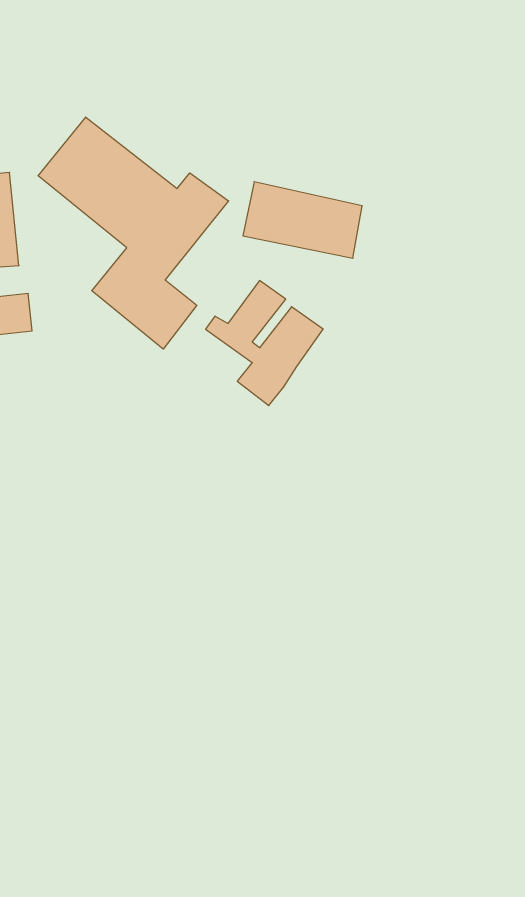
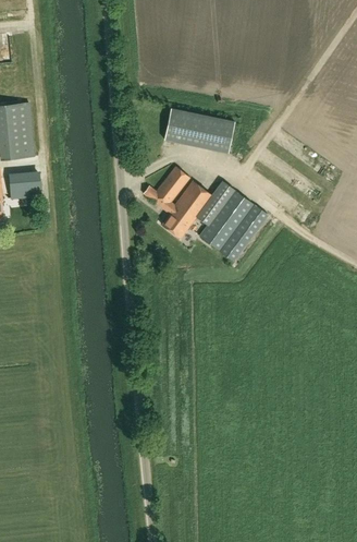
building: [38,117,229,349] -> none
building: none -> [196,180,267,261]

